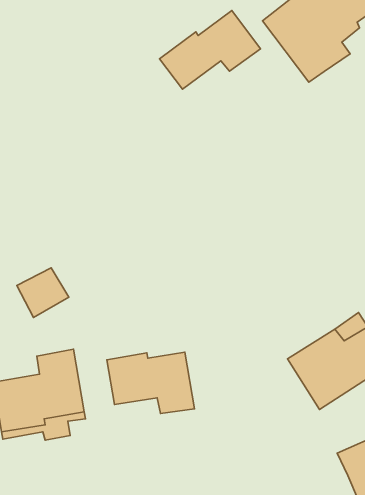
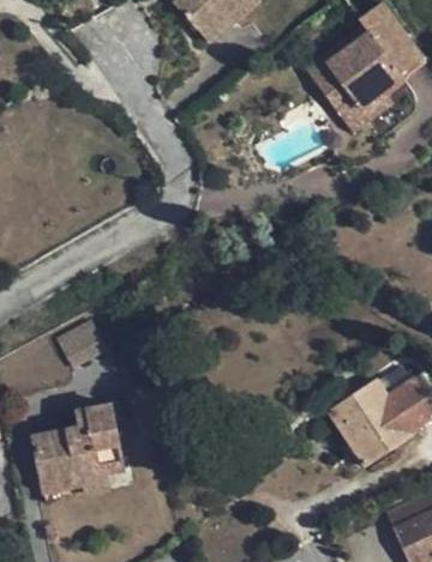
building: [160,11,260,89] -> none
building: [107,352,194,414] -> none

